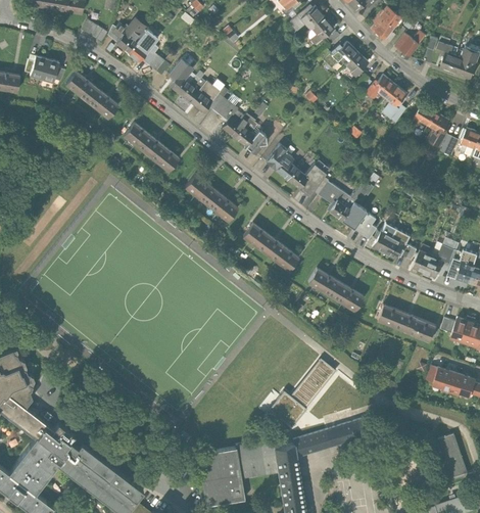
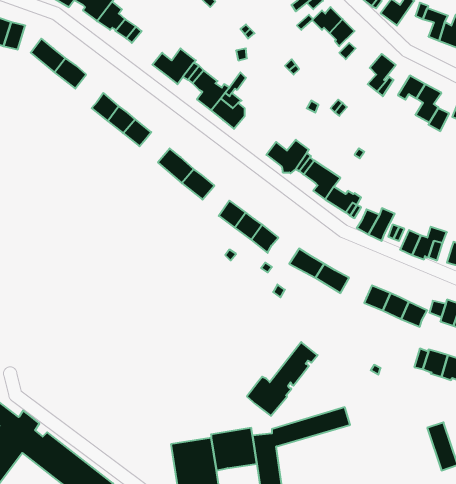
building: [169,60,194,96] -> none
building: [366,77,396,100] -> none
building: [266,144,297,181] -> none

